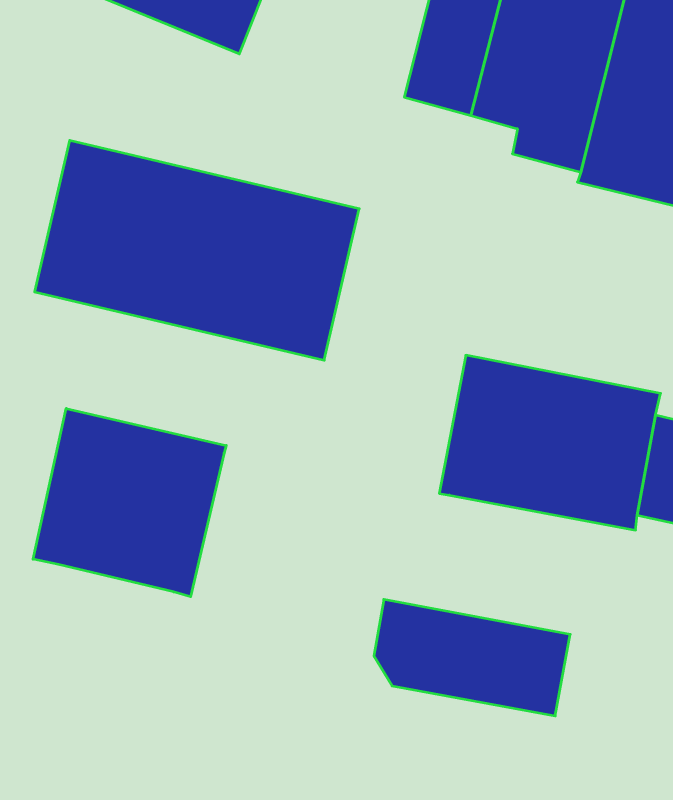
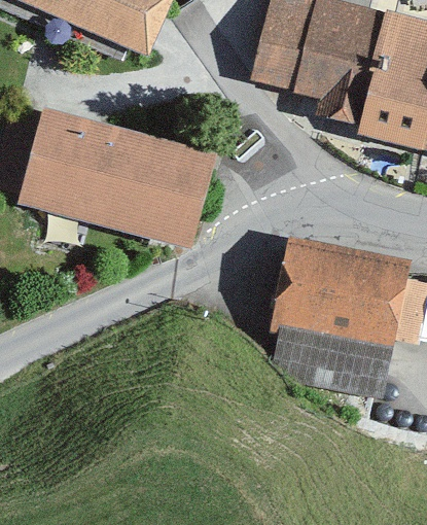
building: [33,408,226,597] -> none
building: [374,599,570,716] -> [272,326,393,398]

